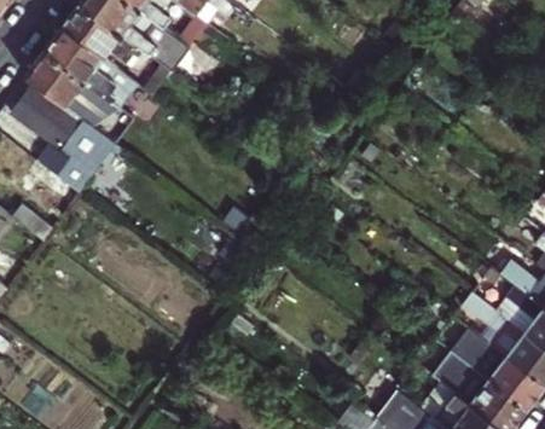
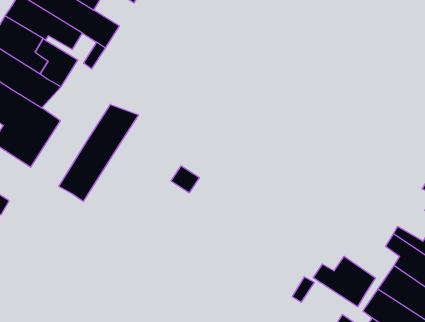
building: none -> [59,104,138,201]
building: none -> [313,256,375,307]

